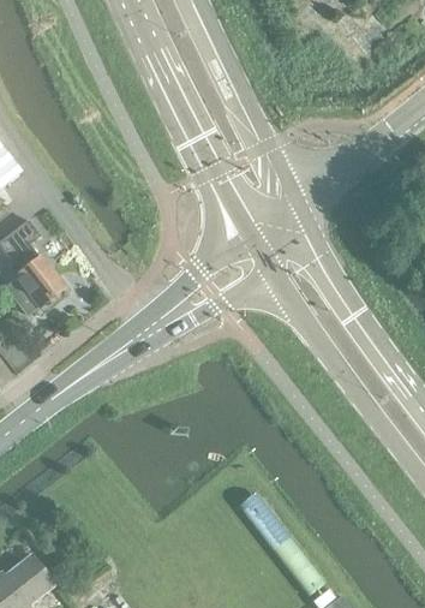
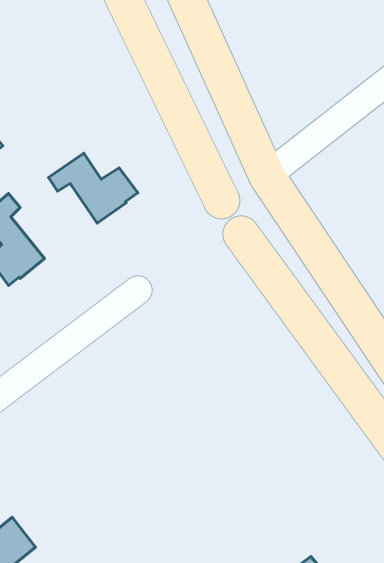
building: none -> [49,153,138,223]

